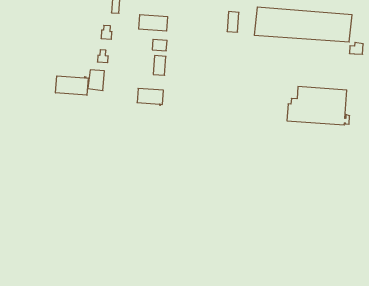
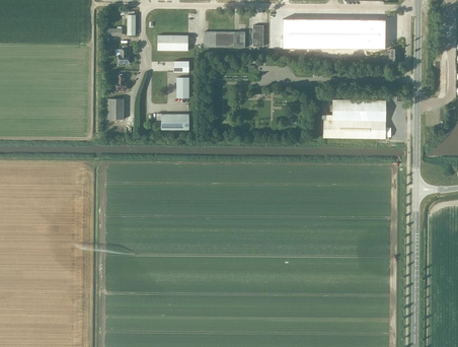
building: none -> [204,31,244,48]
building: [56,76,88,95] -> none

